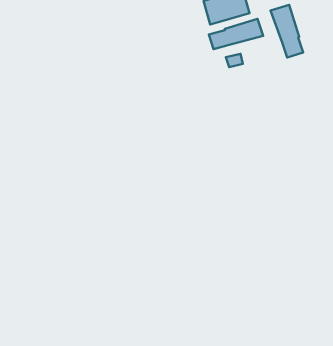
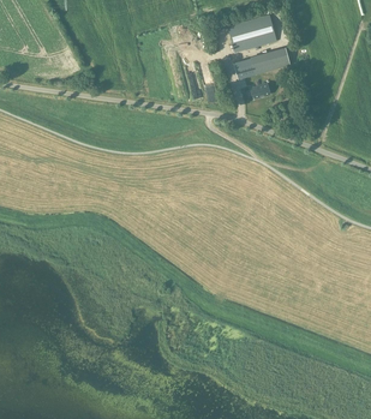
building: [270,5,303,58] -> none

